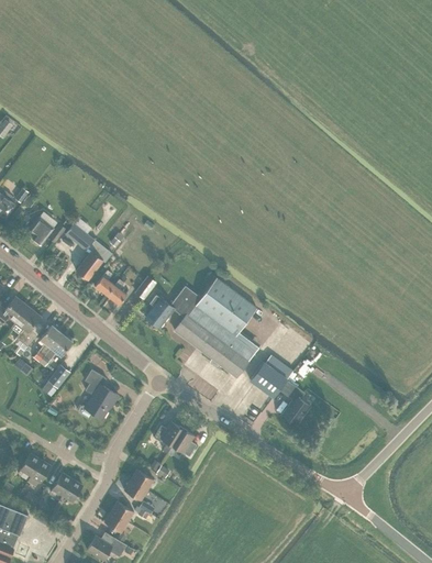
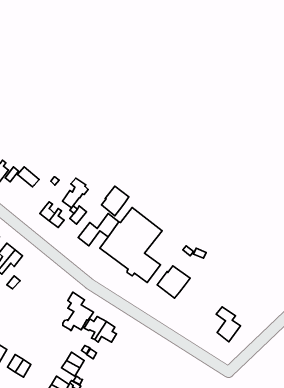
building: [76,240,110,279] -> [62,178,88,208]
building: none -> [101,186,129,216]
building: [78,368,119,419] -> [63,292,94,330]
building: [279,379,311,426] -> [216,307,240,342]

